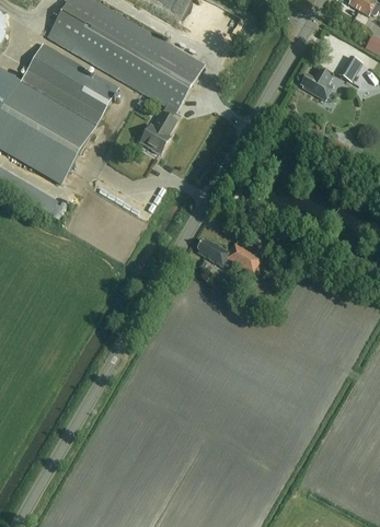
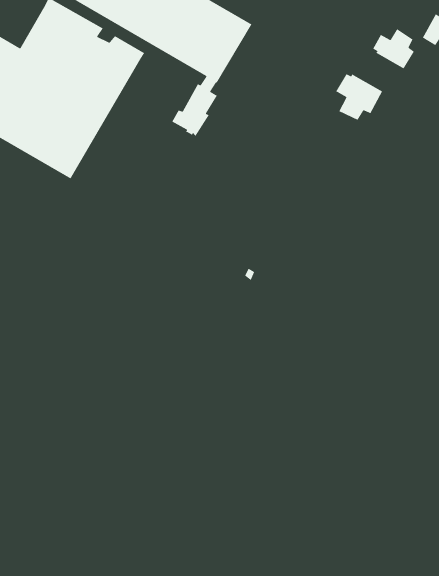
building: none -> [335,73,383,121]
building: [197,237,260,272] -> none

